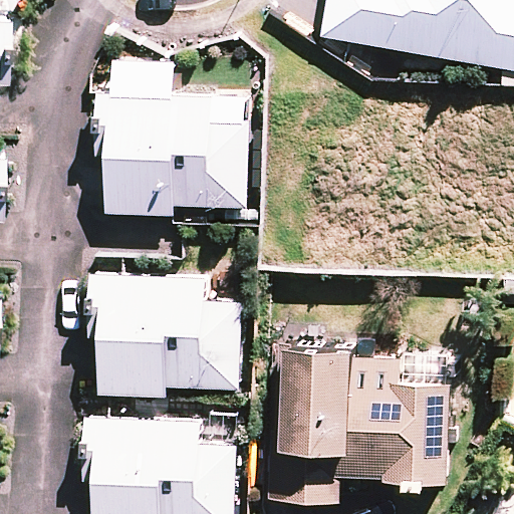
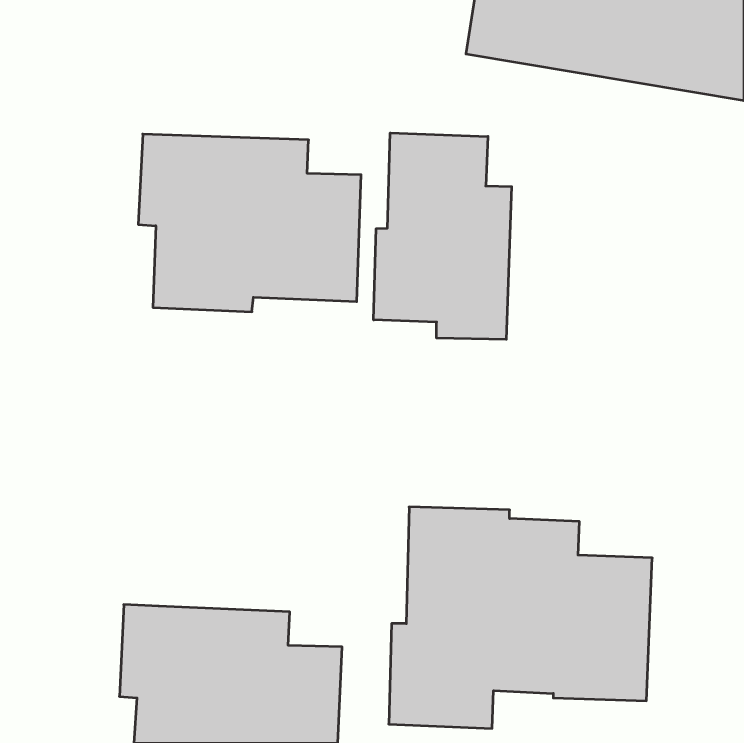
building: none -> [374,133,512,339]
building: [88,273,242,397] -> none

